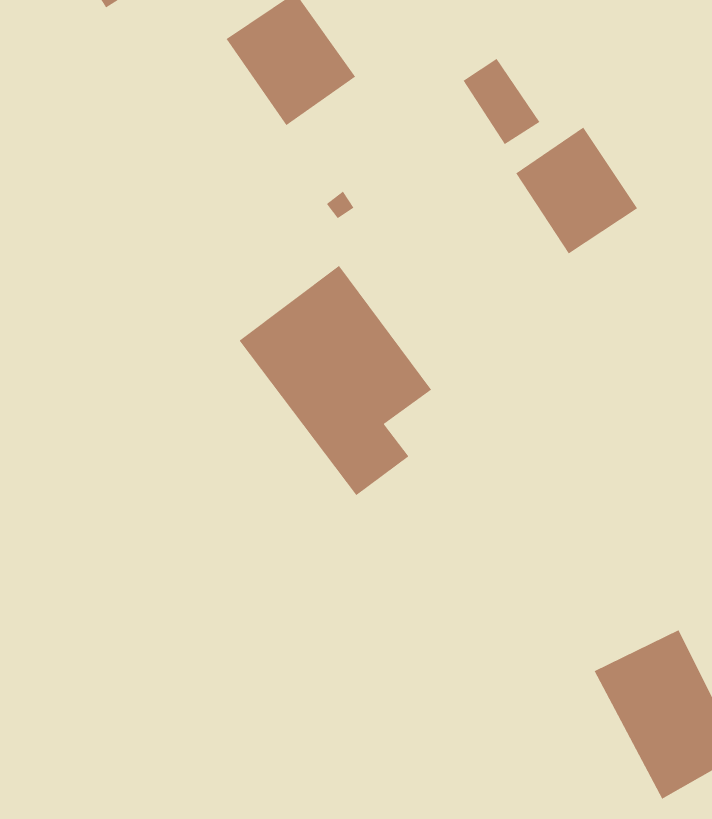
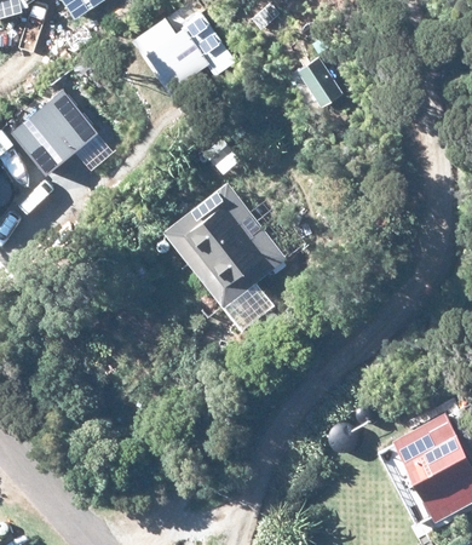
building: none -> [15,93,98,171]
building: [515,126,638,255] -> none

